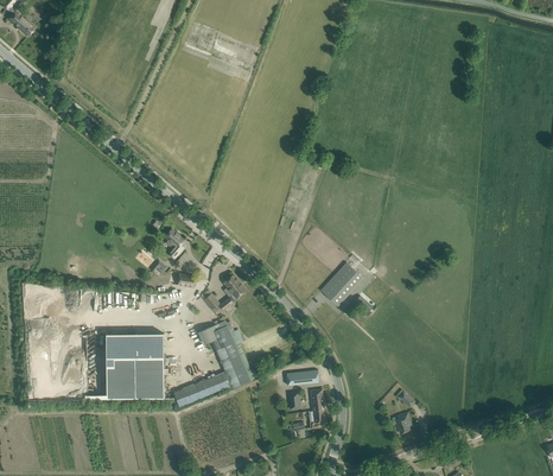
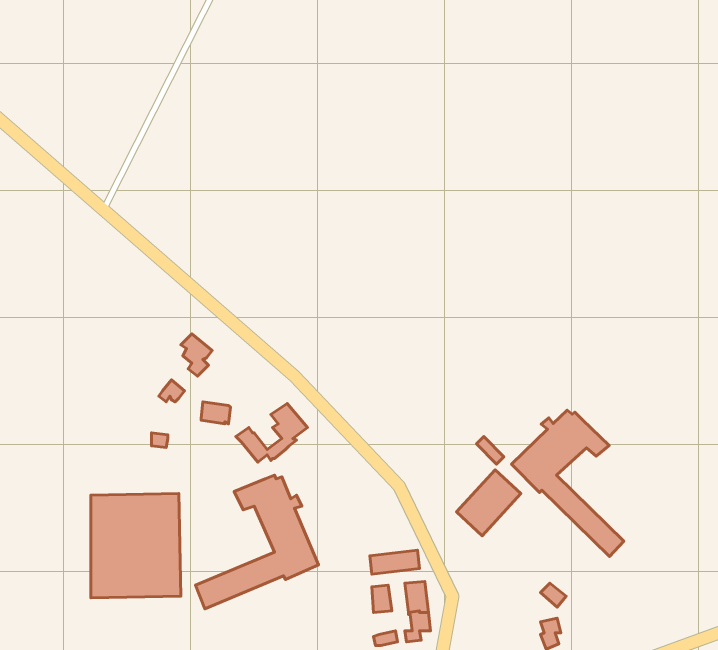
building: [320,264,362,306] -> [457,470,521,536]
building: none -> [511,410,624,556]

